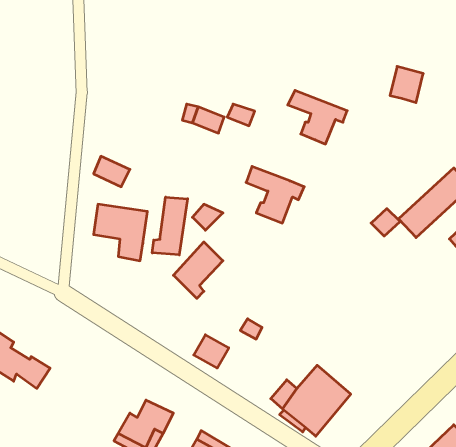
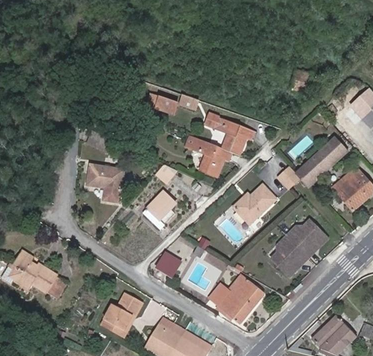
building: [288,90,347,144] -> [213,117,254,154]
building: [152,197,188,255] -> none
building: none -> [230,187,273,225]
building: none -> [271,218,327,274]

